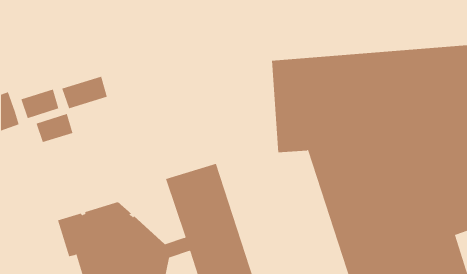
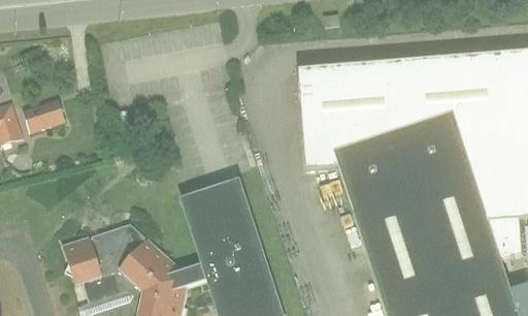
building: [62,76,108,109] -> none
building: [36,113,73,143] -> none

